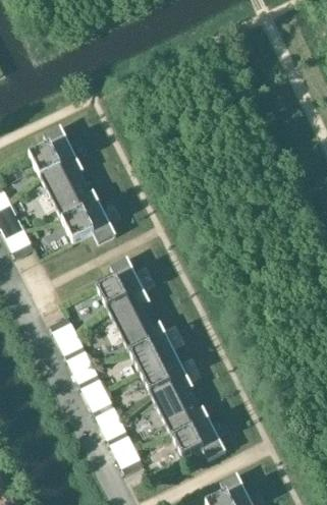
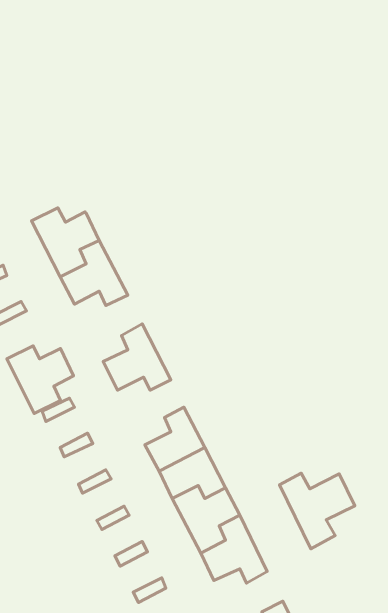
building: [32,125,85,177] -> none
building: [109,298,161,351] -> [7,346,73,414]
building: none -> [280,473,355,549]

